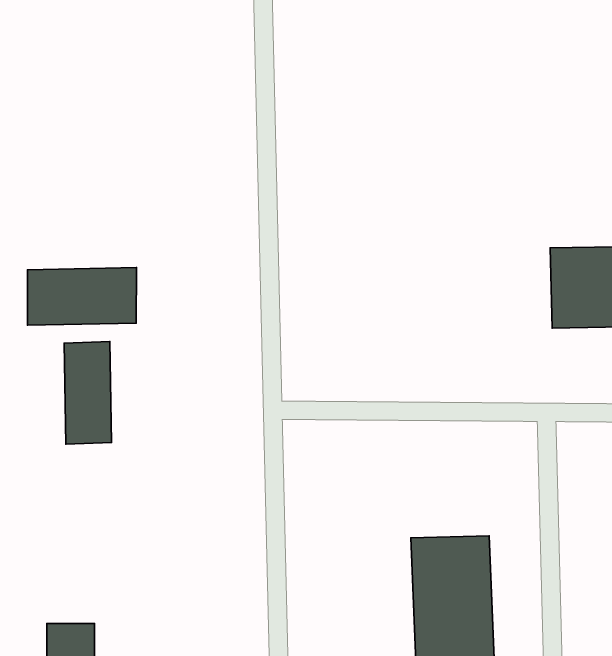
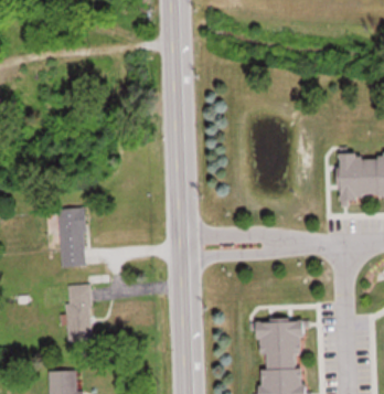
building: [27,268,136,325] -> none
building: none -> [65,285,92,343]

